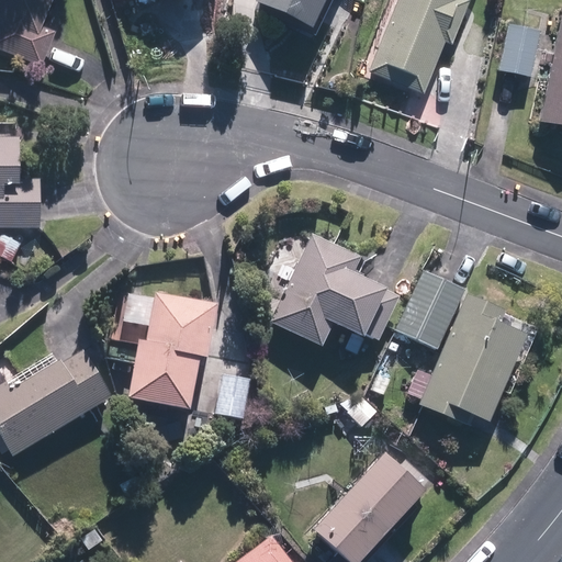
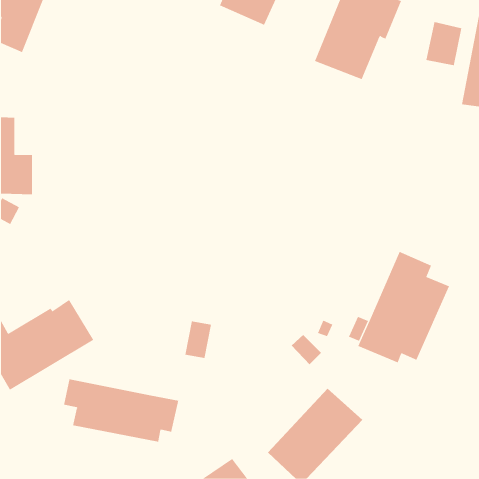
building: [269,233,401,347] -> none
building: [396,269,465,349] -> none
building: [128,292,217,407] -> none
building: none -> [64,379,179,443]

